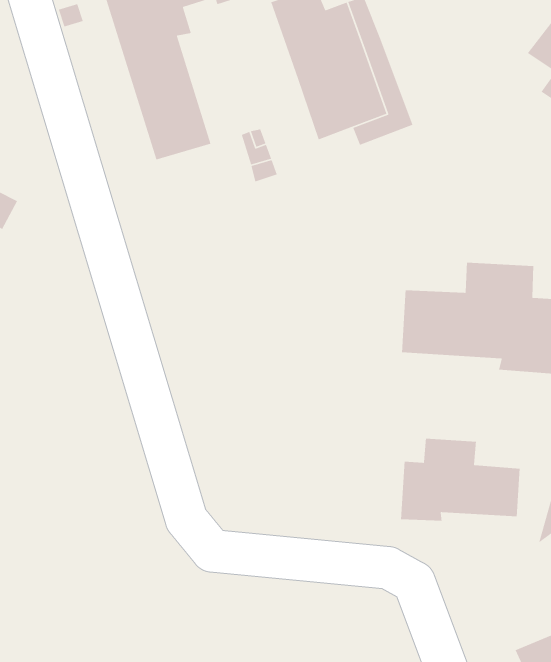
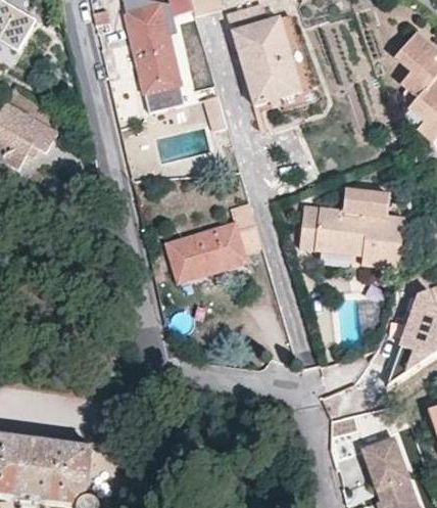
building: none -> [167,205,262,282]
building: [400,438,521,521] -> none

